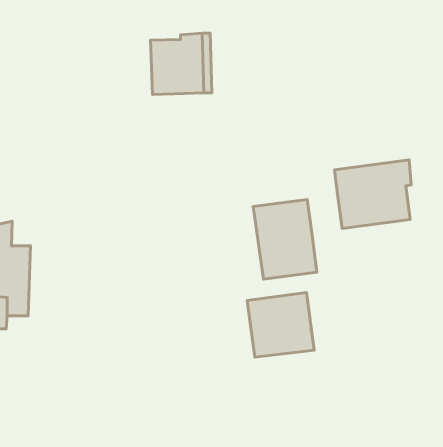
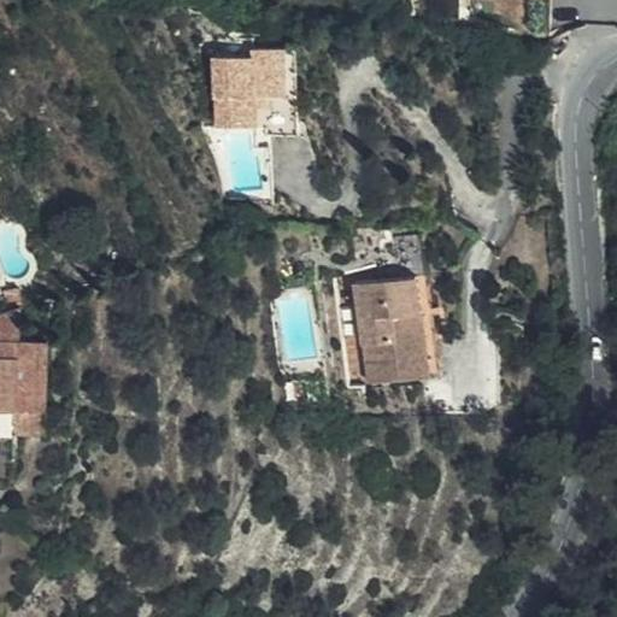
building: [335,160,411,228] -> none
building: [247,293,314,357] -> none

